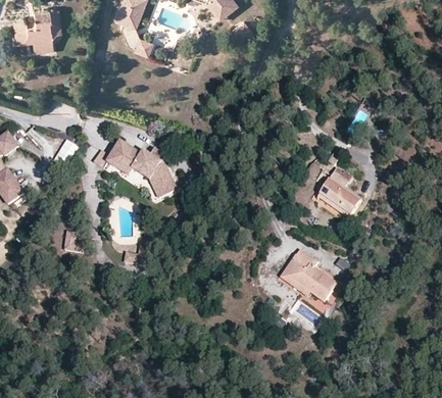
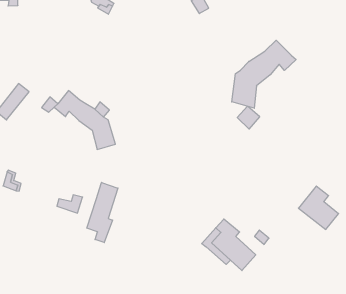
building: none -> [232,40,296,108]
building: [322,167,364,211] -> [298,186,339,229]
building: none -> [87,182,118,243]

